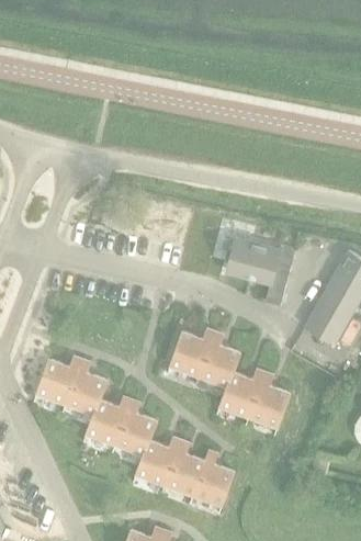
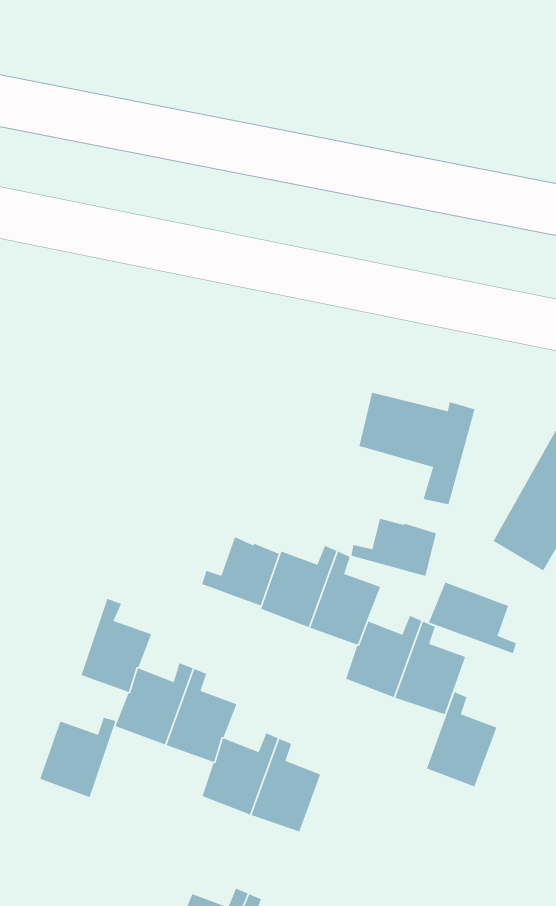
building: none -> [350,518,437,577]
building: none -> [201,536,280,607]
building: none -> [428,582,517,654]
building: [36,358,81,405] -> [39,717,117,798]
building: [193,451,235,507] -> [426,691,498,788]

